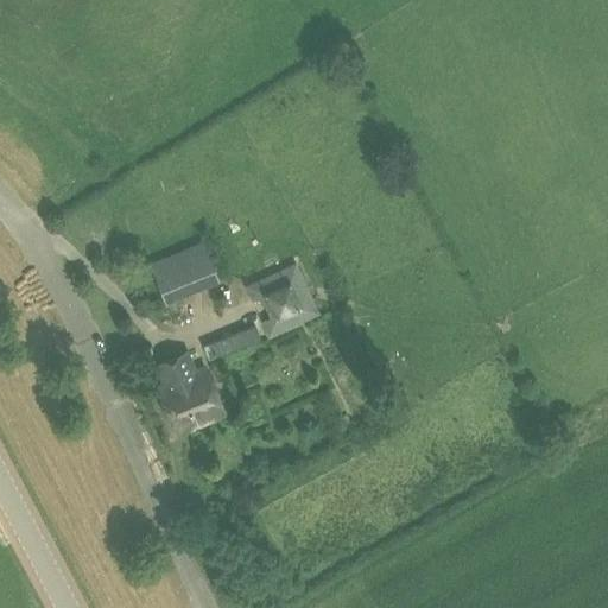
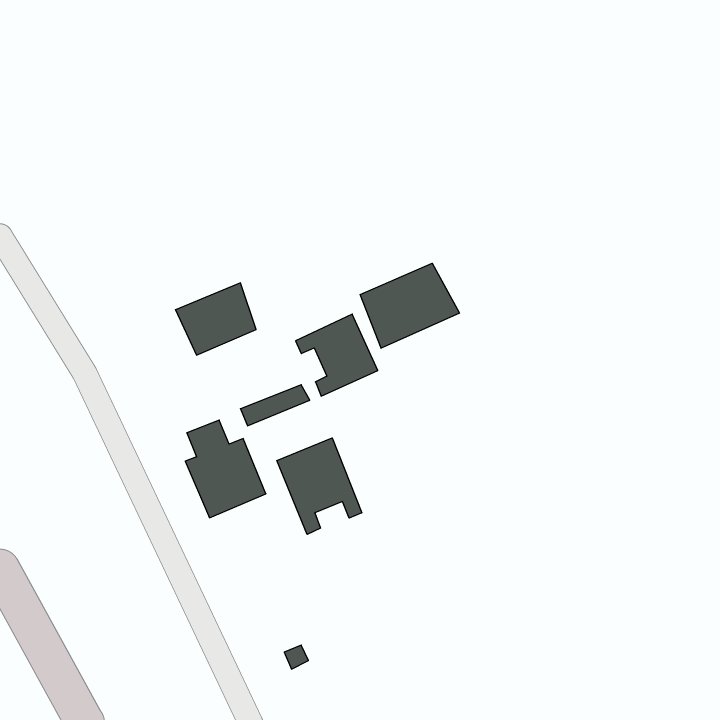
building: none -> [360,263,459,348]
building: none -> [277,438,362,534]

